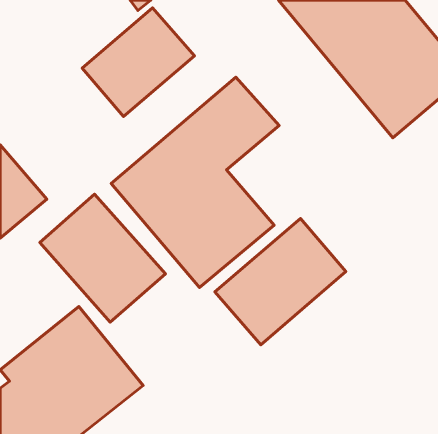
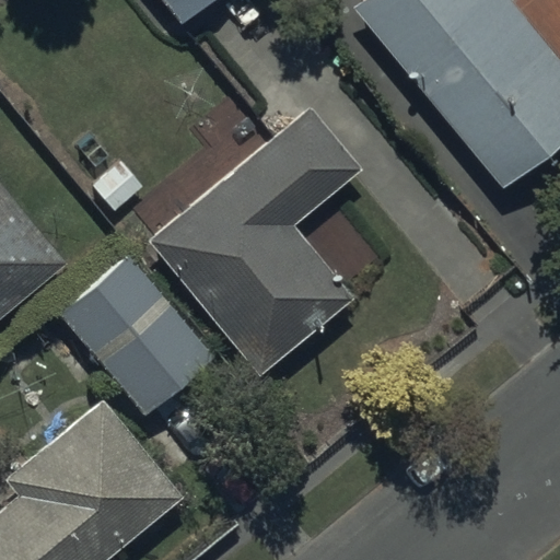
building: [82,8,195,117] -> none
building: [215,219,346,345] -> none

